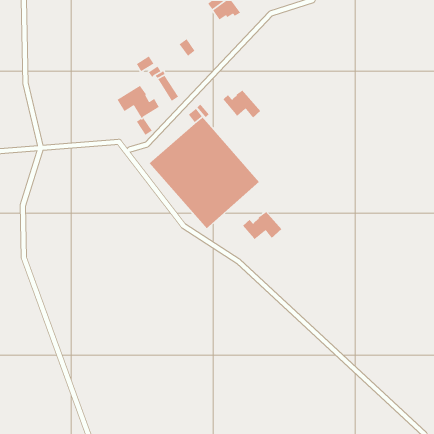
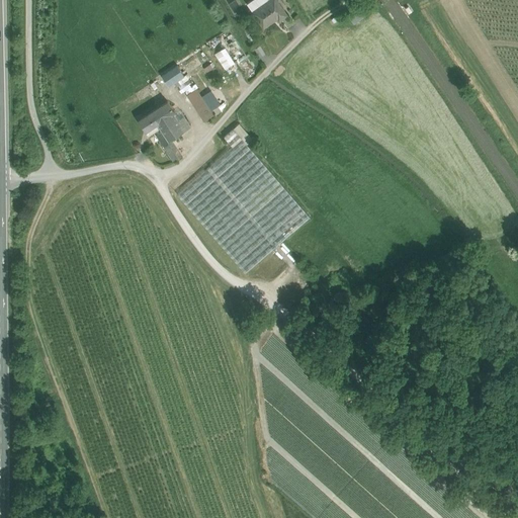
building: [223,89,261,118] -> none
building: [242,211,282,240] -> none

